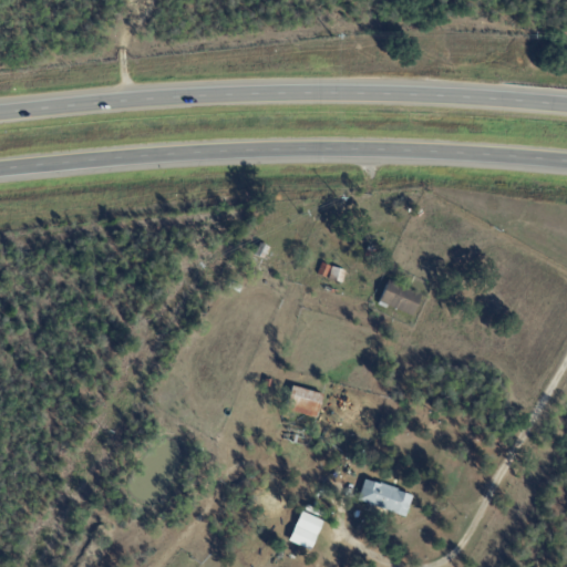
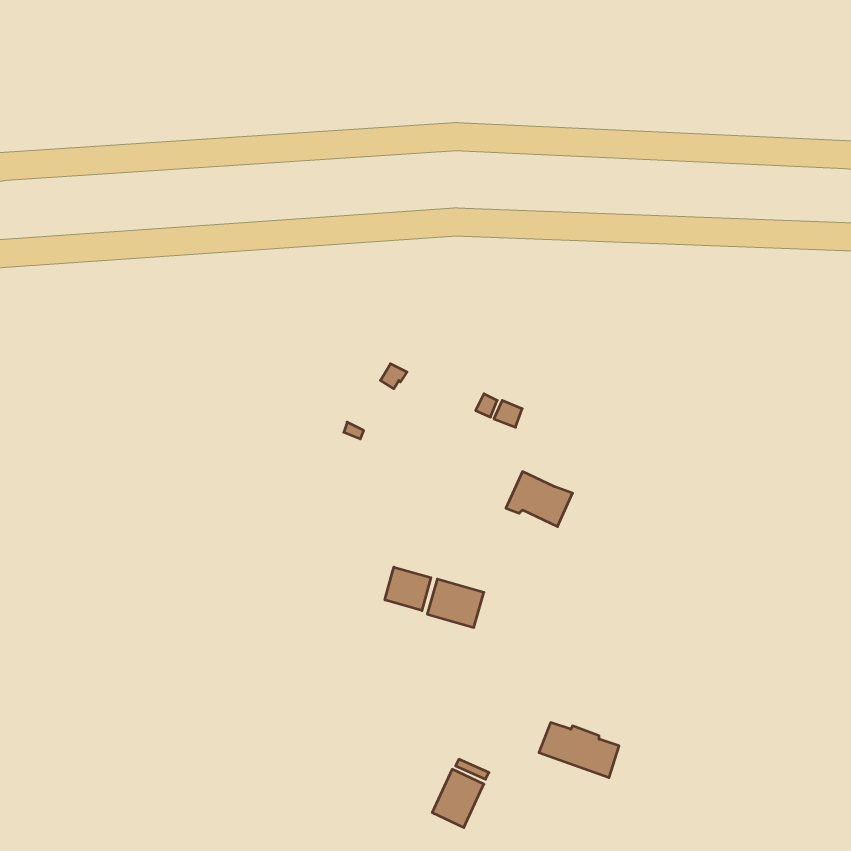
building: [378,279,422,316] -> [506,472,573,527]
building: none -> [385,567,431,611]

